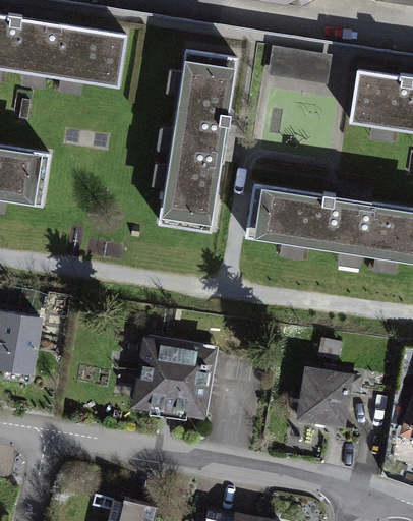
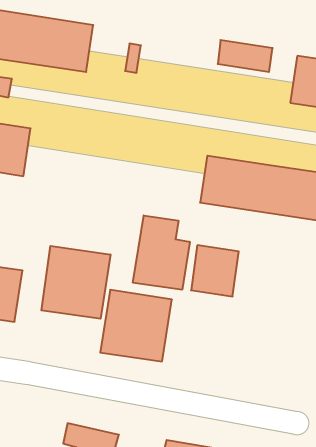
building: [157,51,238,232] -> none
building: none -> [133,215,190,290]
building: none -> [41,246,110,319]
building: [298,372,353,431] -> [191,245,239,296]

